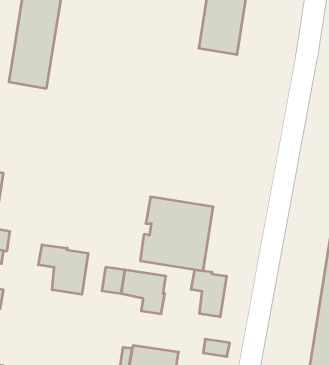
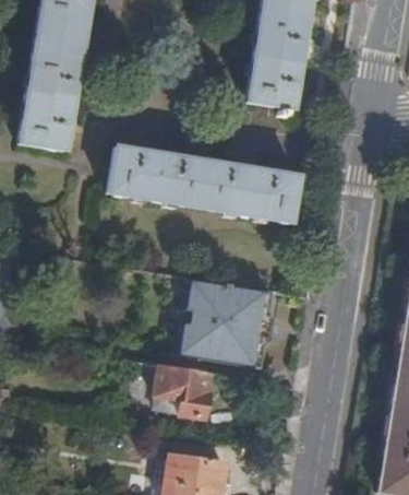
building: none -> [110,146,300,223]
building: [38,245,88,294] -> none
building: [191,270,227,317] -> none

